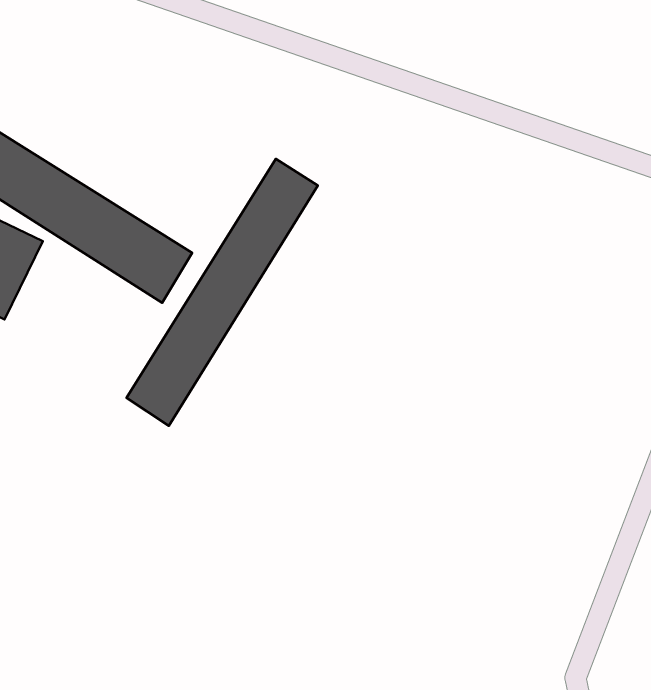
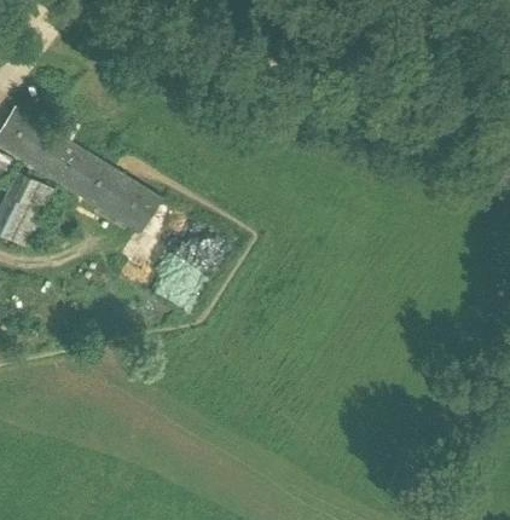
building: [127,159,318,426] -> none

